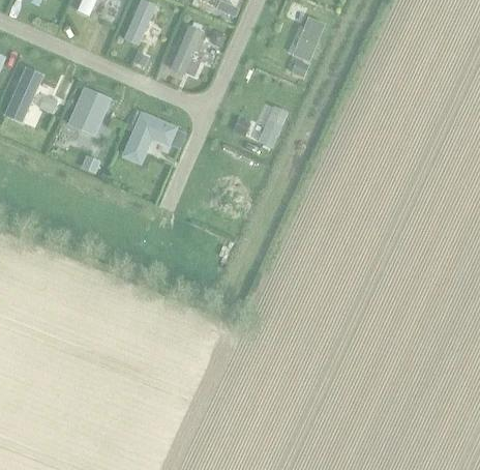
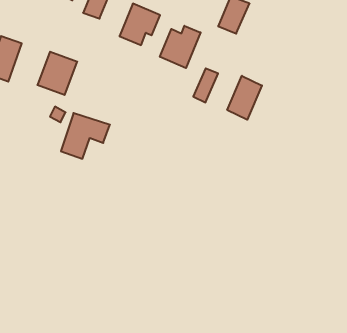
building: none -> [160,26,201,68]
building: [120,109,181,166] -> [61,113,110,159]
building: none -> [227,76,262,120]

